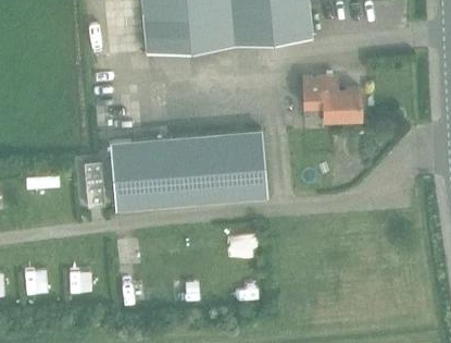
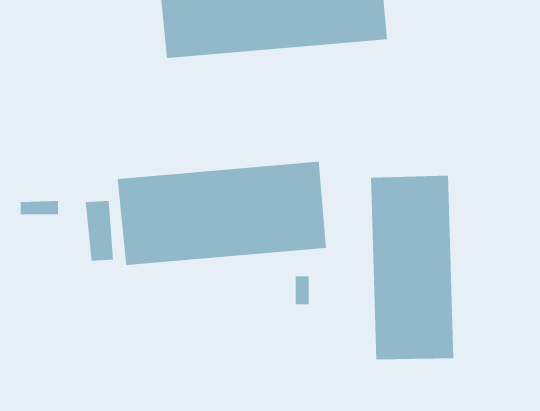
building: [308,77,360,123] -> none
building: none -> [370,175,454,360]

